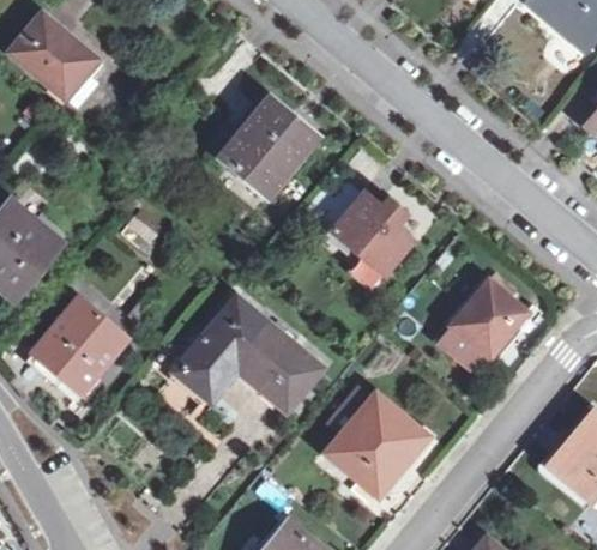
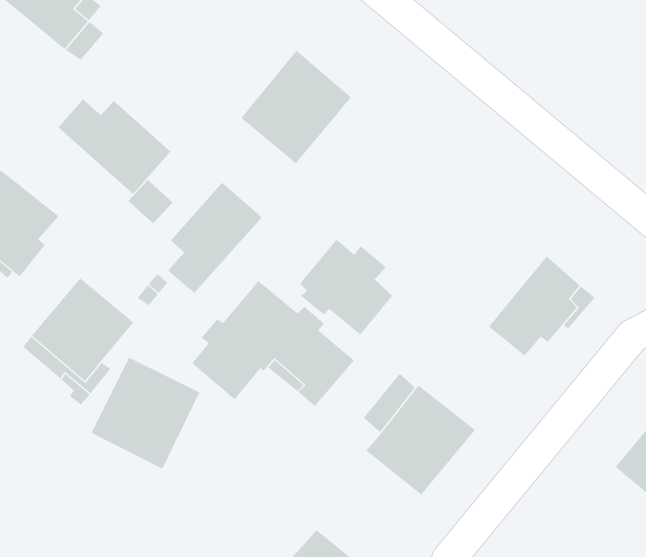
building: none -> [58,98,171,195]
building: [331,189,414,274] -> [299,239,393,335]
building: none -> [167,182,263,294]
building: none -> [91,357,200,470]

